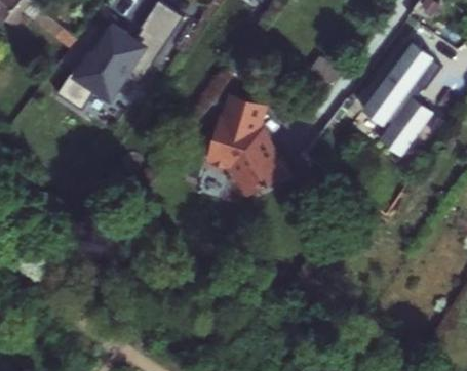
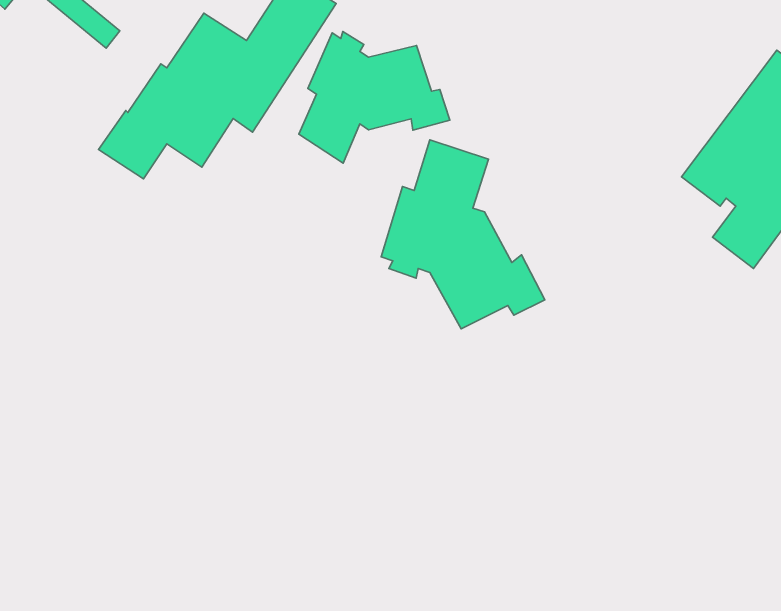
building: none -> [299,31,450,163]

